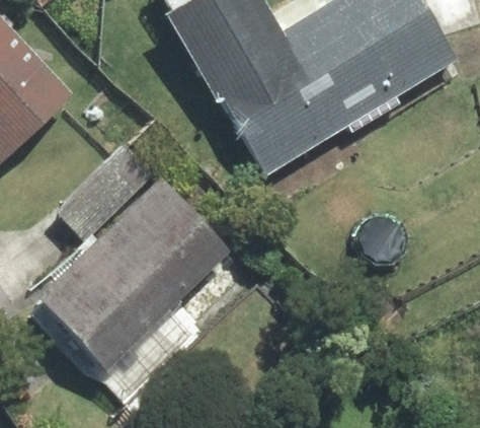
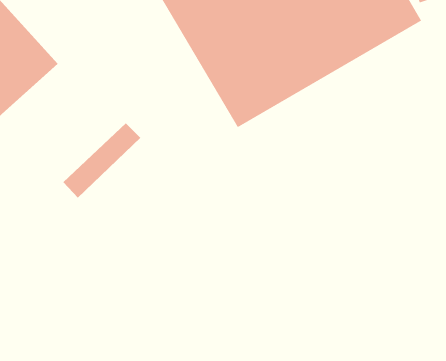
building: [46,188,226,364] -> none

